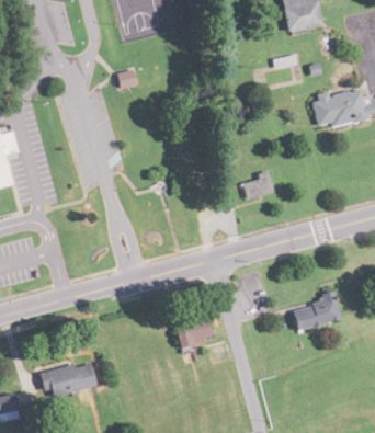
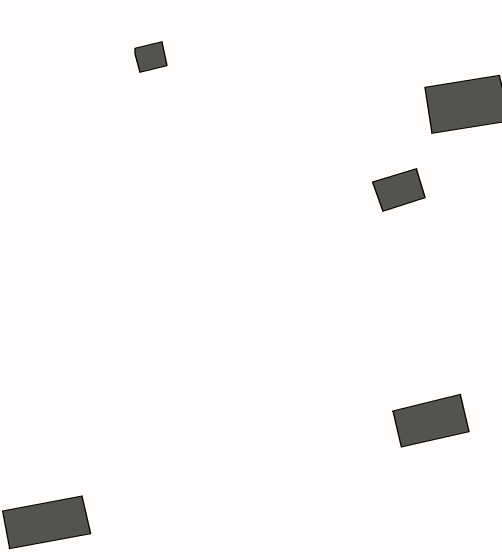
building: [239,174,273,202] -> [373,169,425,211]
building: [173,315,213,350] -> none

